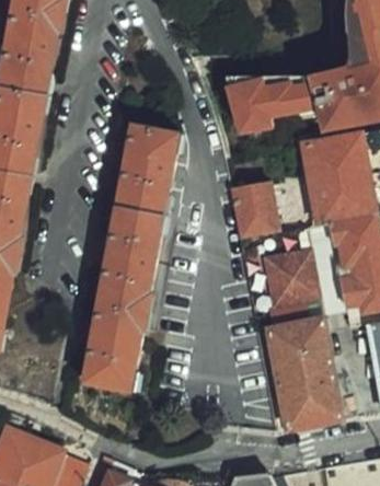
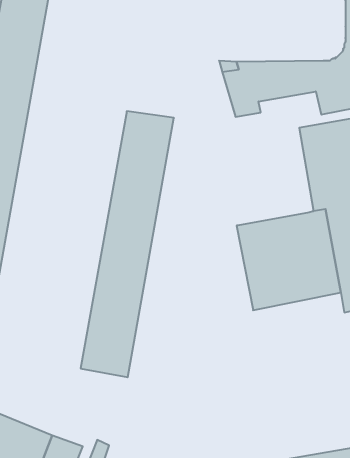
building: [231,183,277,239] -> none
building: [269,320,342,431] -> none

